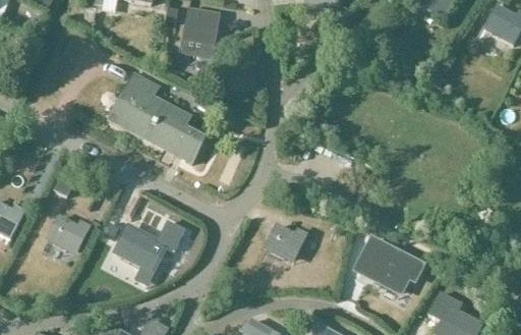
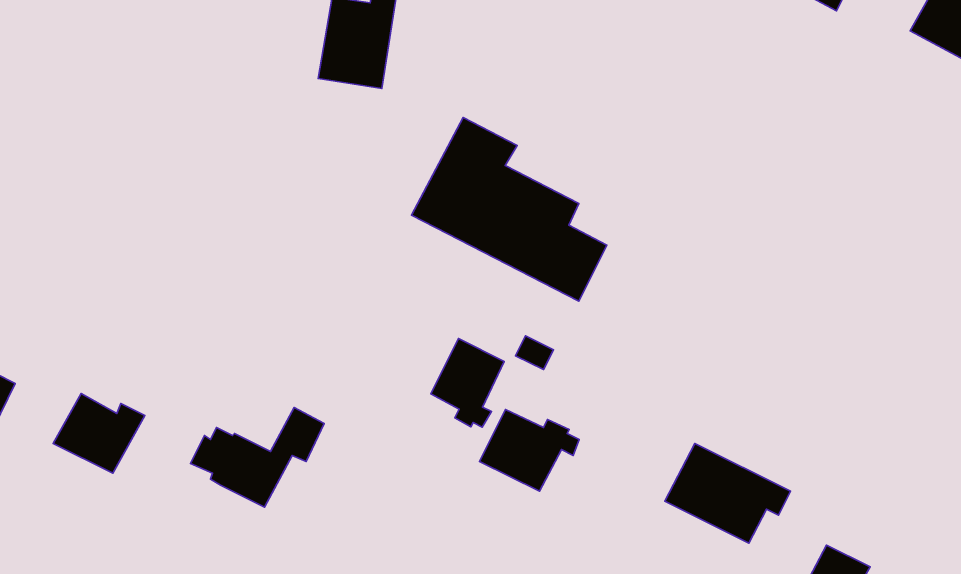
building: [107,70,207,164] -> [411,118,607,301]
building: none -> [431,339,504,427]

